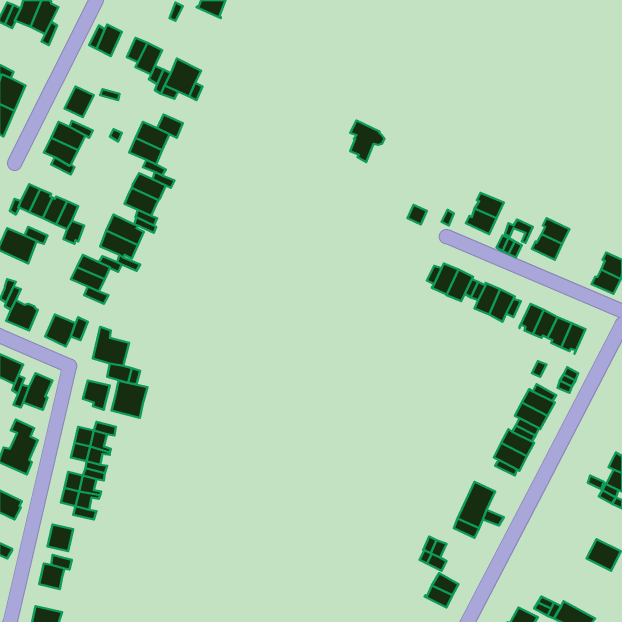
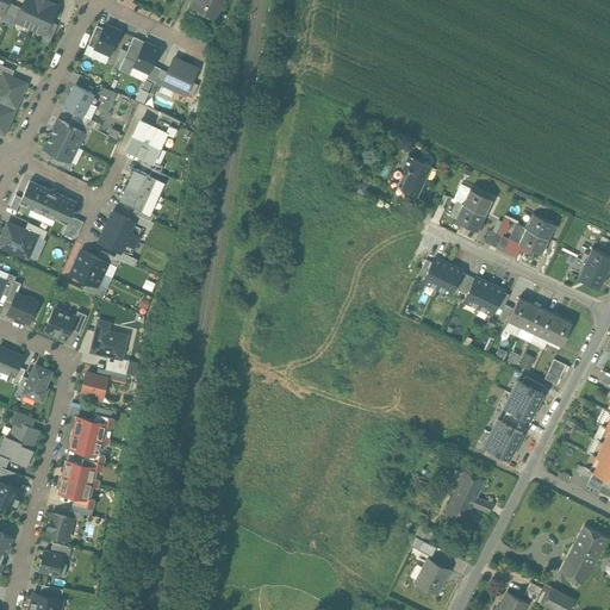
building: [350,121,384,162] -> [402,156,435,197]
building: [112,381,148,418] -> none
building: none -> [559,547,597,586]

